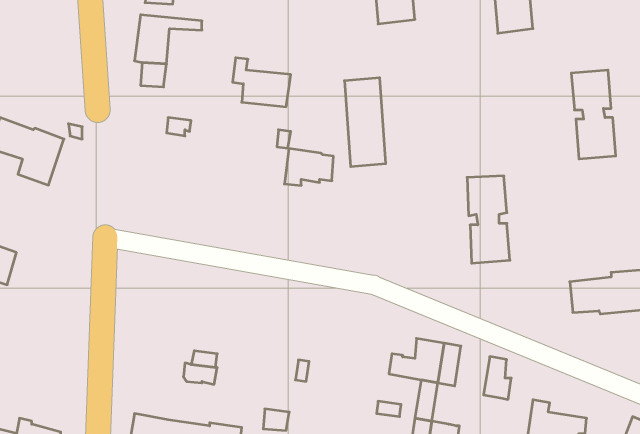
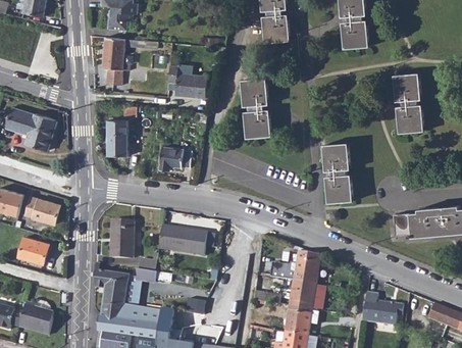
building: none -> [106,120,127,156]
building: [284,149,333,185] -> [159,147,192,171]
building: none -> [25,196,59,225]
building: none -> [111,221,134,259]
building: none -> [159,226,207,255]
building: none -> [17,237,49,265]
building: [484,357,511,399] -> [300,282,318,310]
building: none -> [94,268,130,306]

